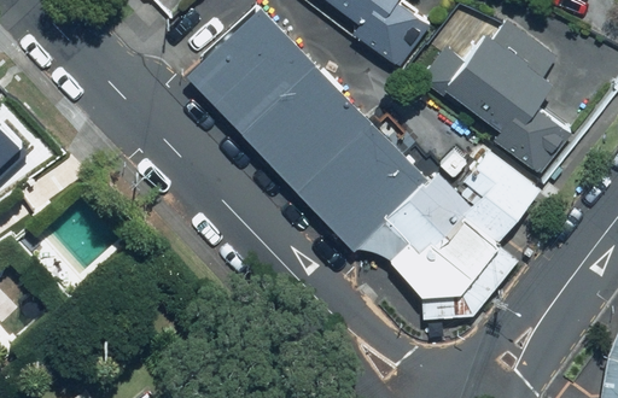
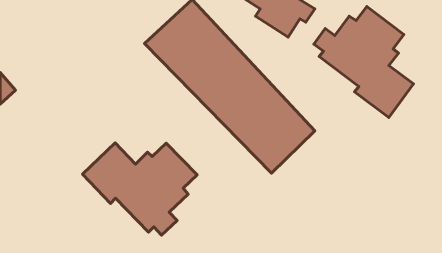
building: [373,156,537,323] -> none
building: none -> [82,143,197,235]

